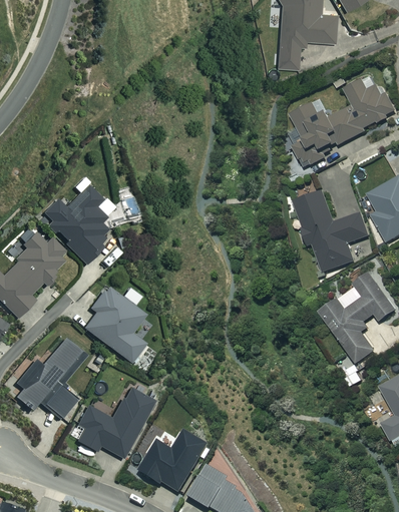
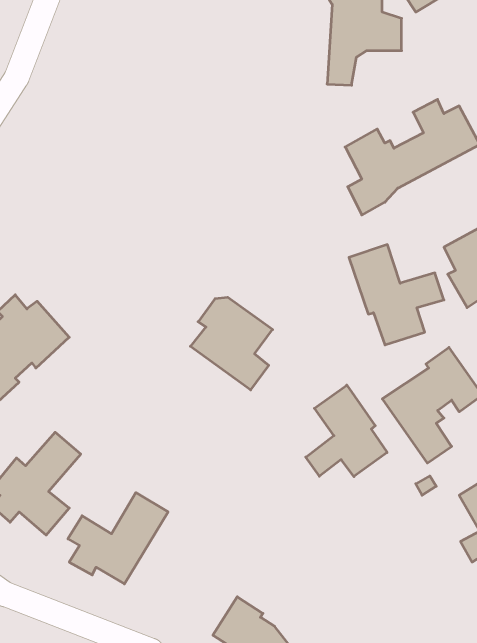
building: [42,183,106,262] -> none
building: [83,289,147,361] -> [190,297,273,390]
building: none -> [306,385,387,477]
building: [137,430,208,491] -> none

